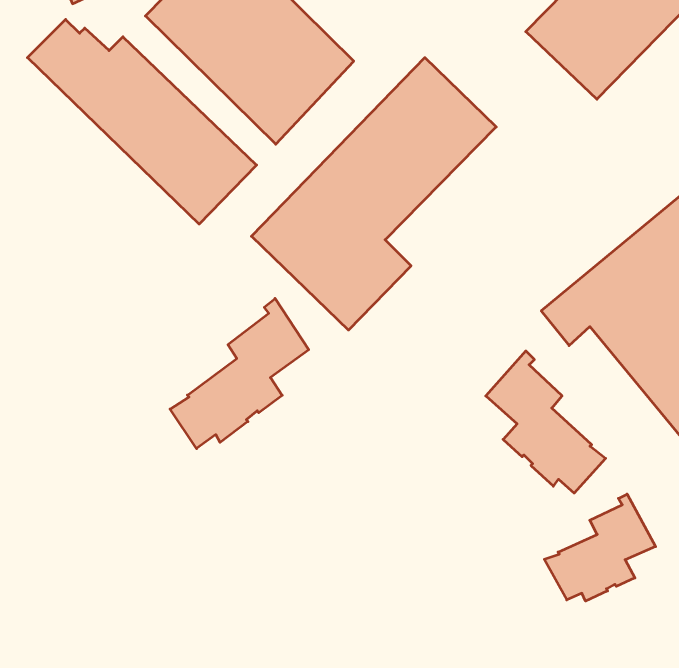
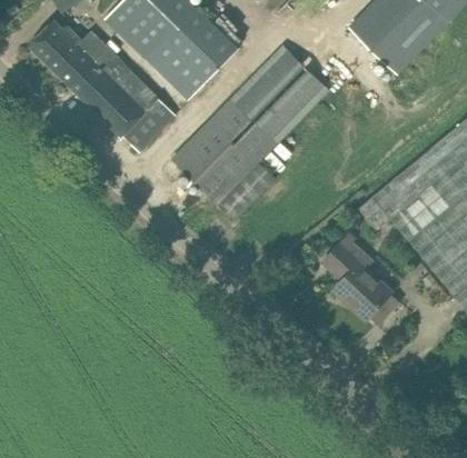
building: [170,298,309,449] -> none
building: [544,494,656,601] -> none

